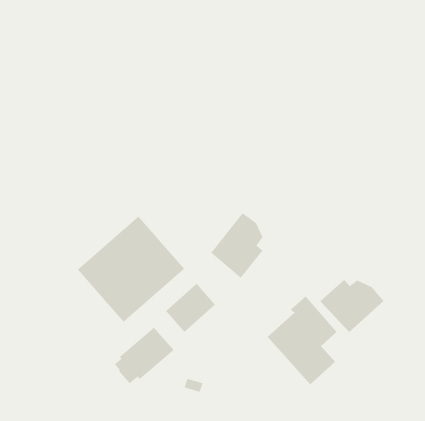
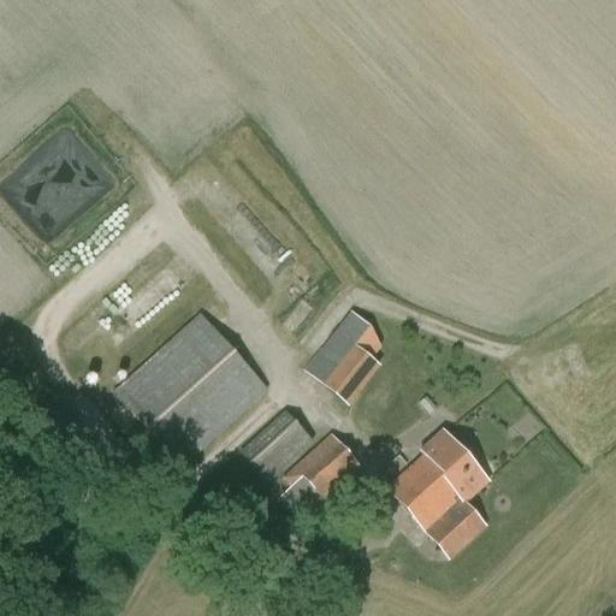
building: [319,279,385,333] -> none
building: [114,327,175,384] -> [274,430,362,513]

